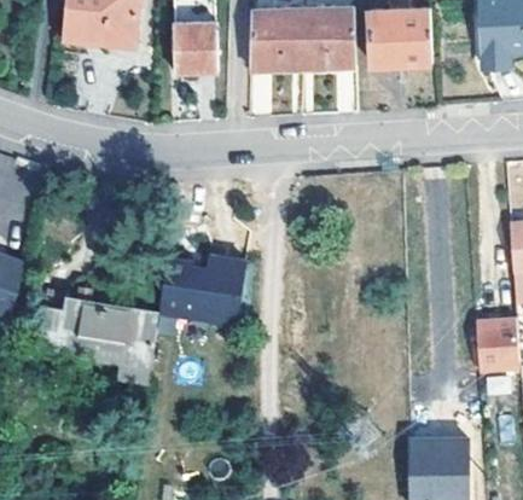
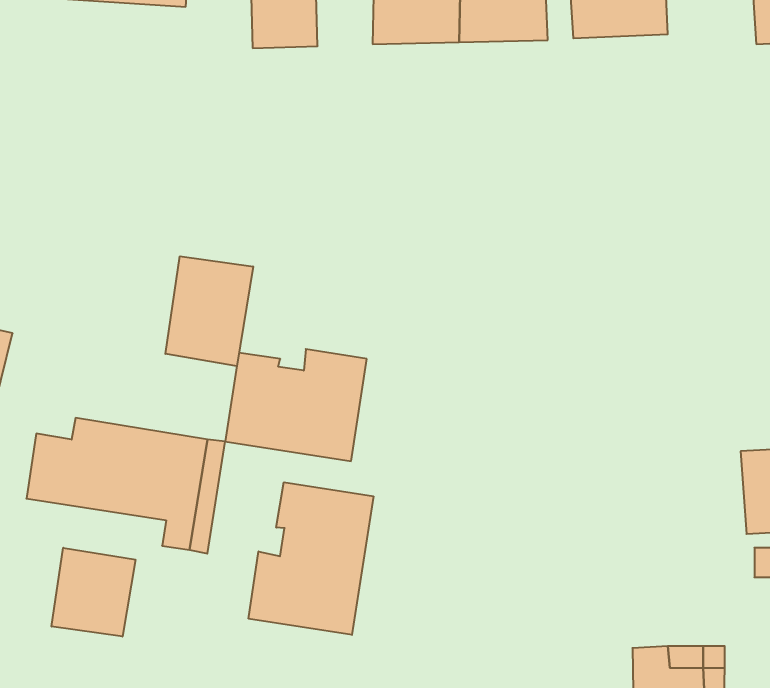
building: none -> [165,256,253,366]
building: none -> [249,482,373,635]
building: none -> [52,548,135,637]

